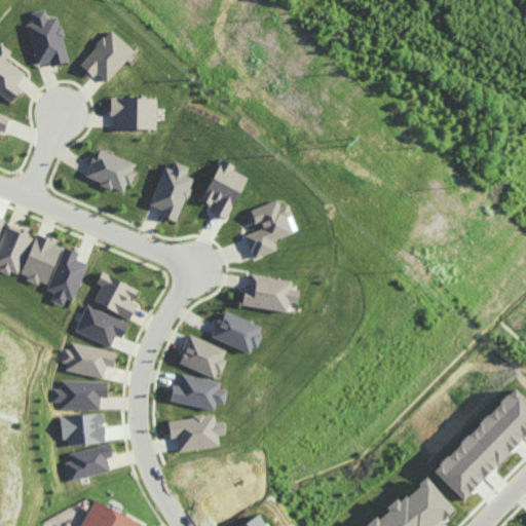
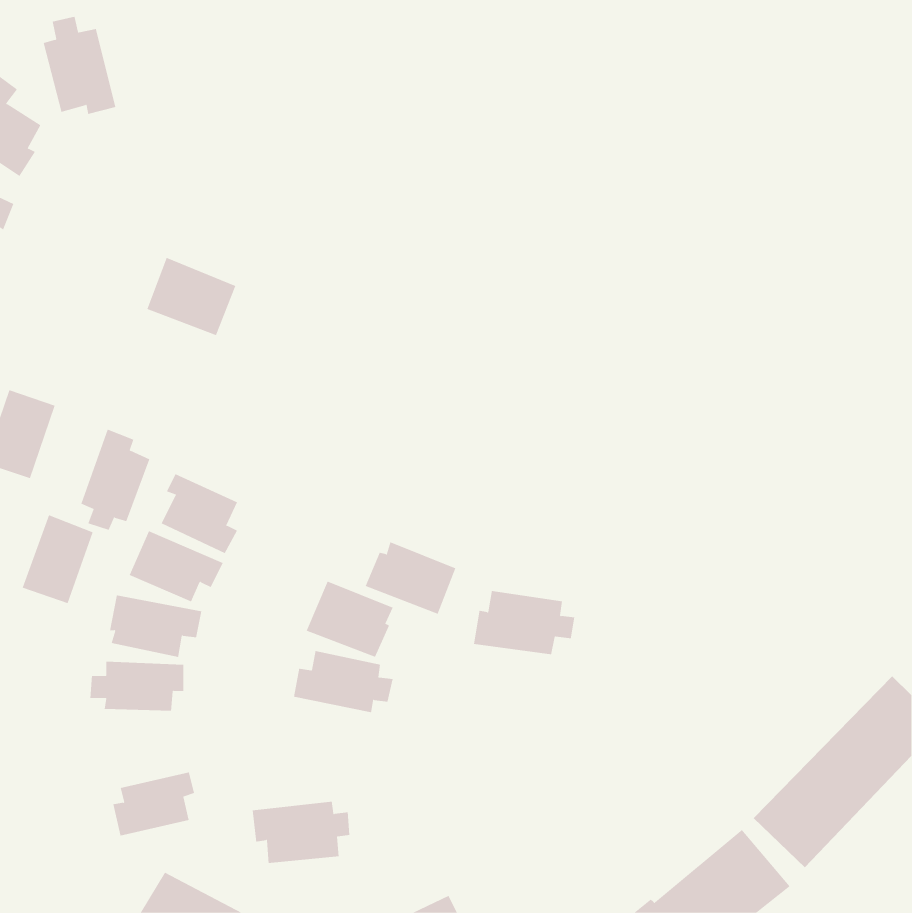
building: [78,30,134,82] -> none
building: [109,97,156,129] -> none
building: [201,159,246,220] -> none
building: [149,161,193,222] -> none
building: [245,200,293,258] -> none
building: [20,234,61,286] -> [22,514,93,604]
building: [240,274,299,311] -> [473,590,575,655]
building: [60,414,104,445] -> none
building: [167,415,224,451] -> [252,801,350,864]

